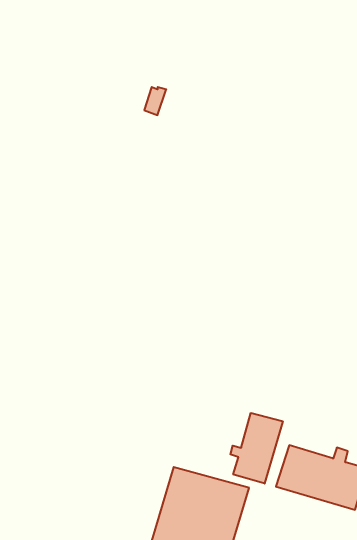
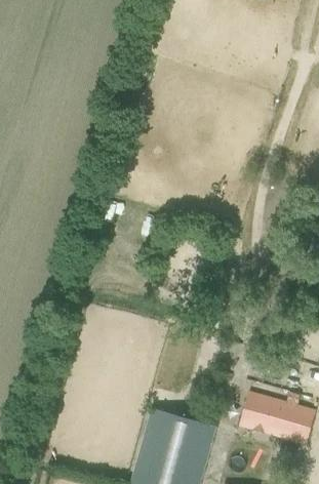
building: [230,413,283,484] -> none

